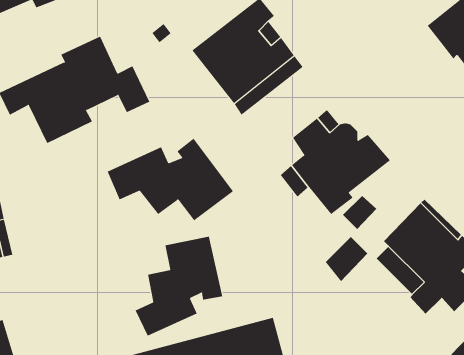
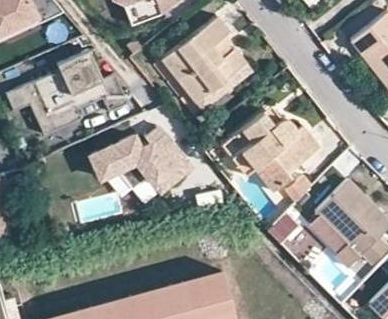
building: [135,236,223,337] -> none

